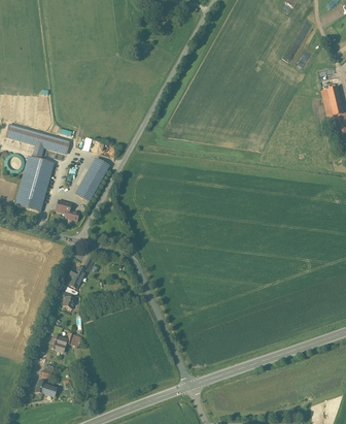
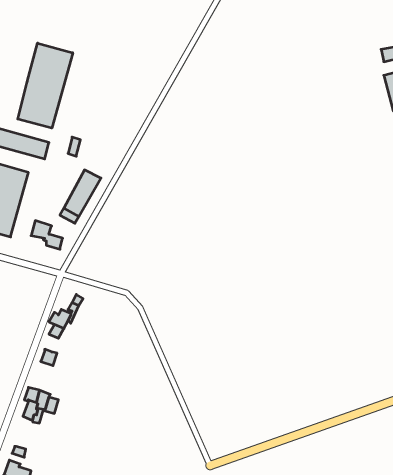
building: none -> [18,43,73,128]

